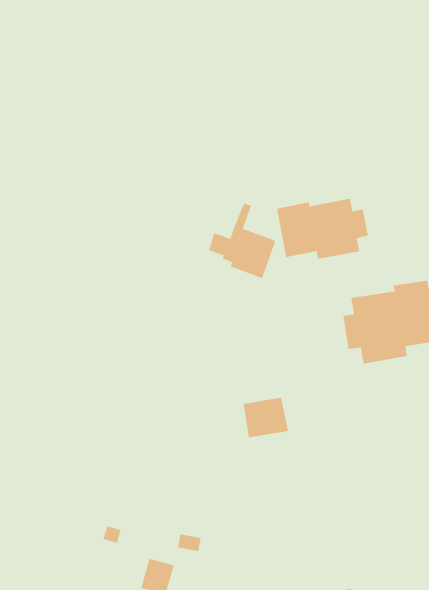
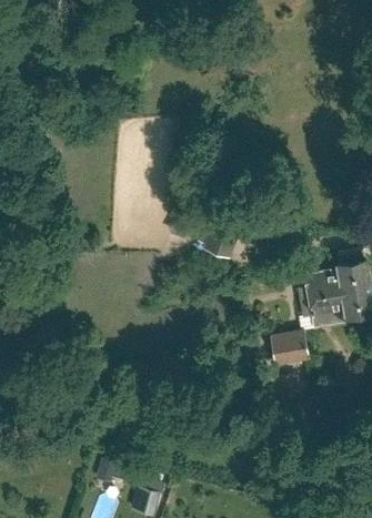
building: [277,198,368,260] -> none
building: [243,397,289,438] -> [273,333,311,366]

